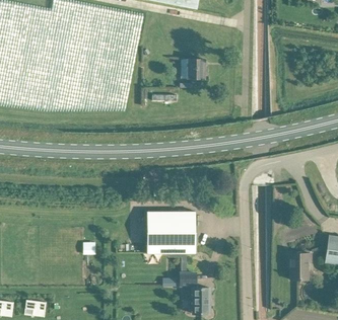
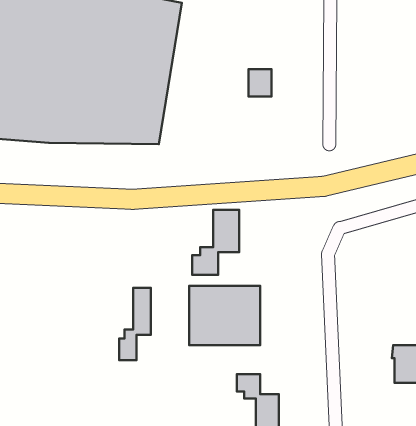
building: none -> [192,210,239,275]
building: none -> [119,288,151,360]

